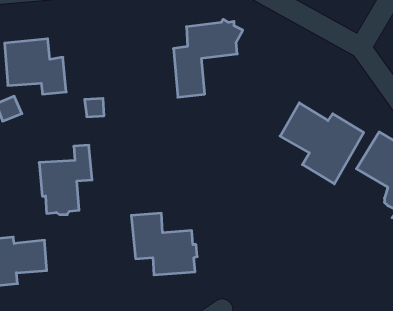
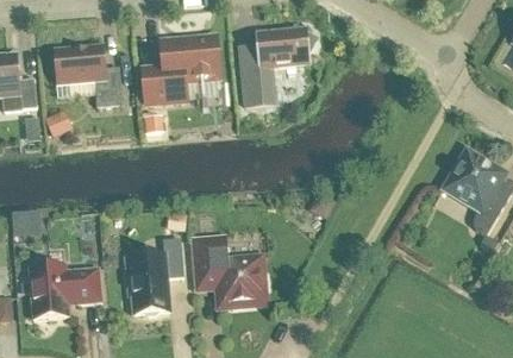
building: none -> [143,33,219,101]
building: [280,103,364,184] -> none
building: [39,145,92,215] -> [125,237,183,313]

